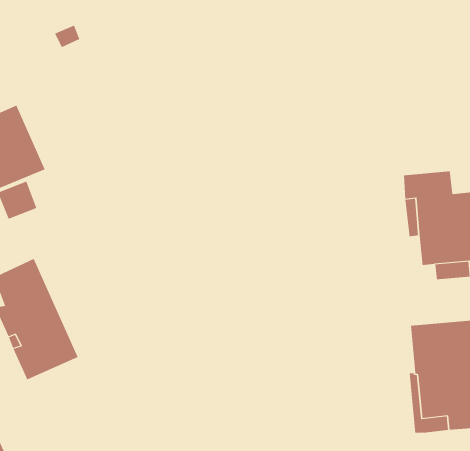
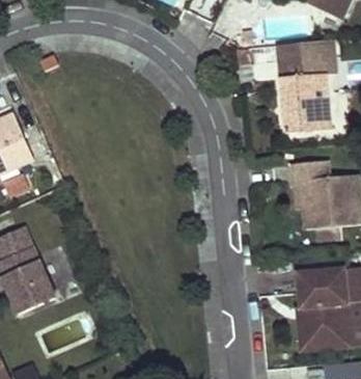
building: none -> [278,56,330,132]

